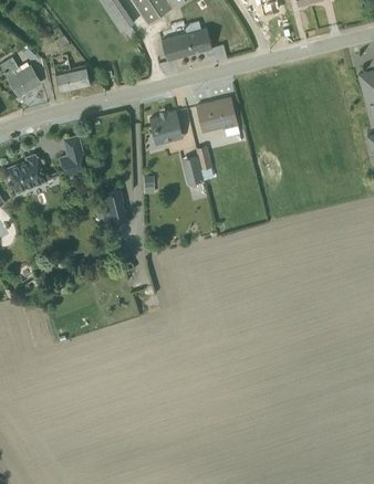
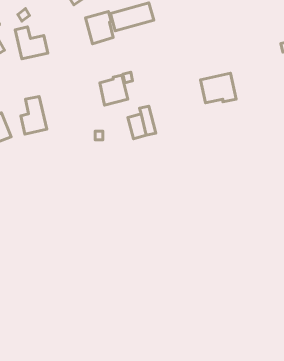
building: none -> [85,11,113,44]
building: [196,98,237,133] -> [201,73,236,103]
building: [104,189,127,225] -> none

